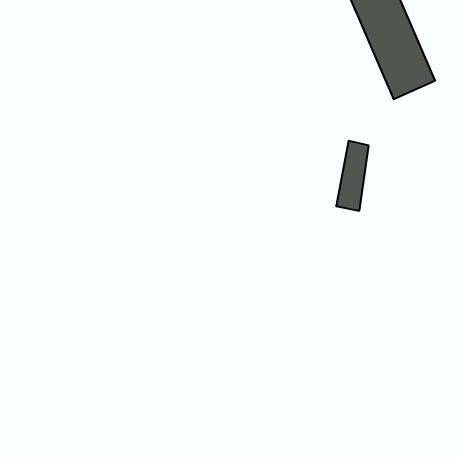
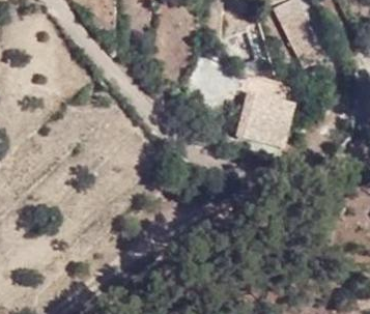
building: none -> [239,94,271,142]

